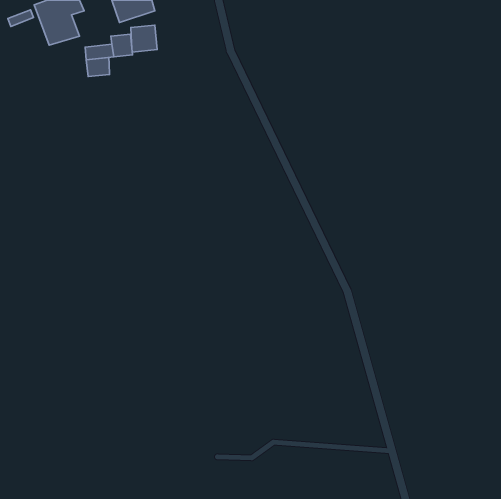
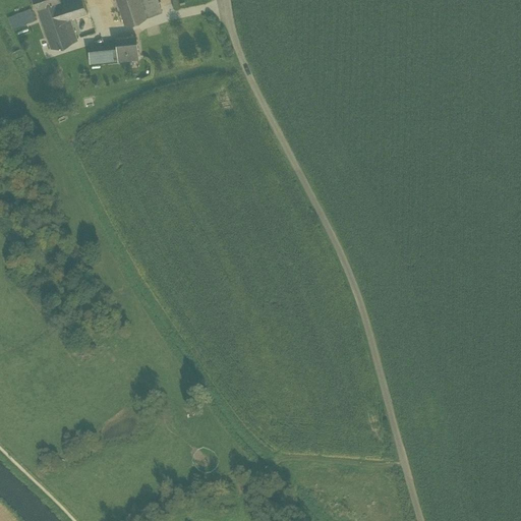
building: [131,25,157,52] -> none
building: [86,57,110,77] -> none

